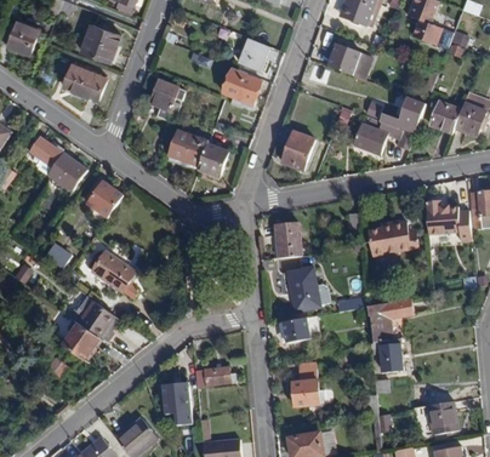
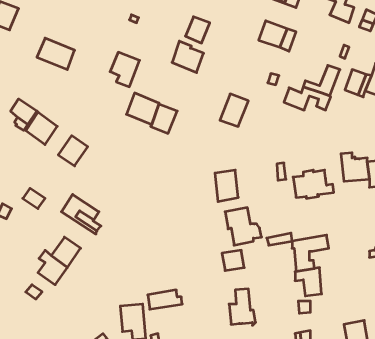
building: [80,23,120,62] -> none

